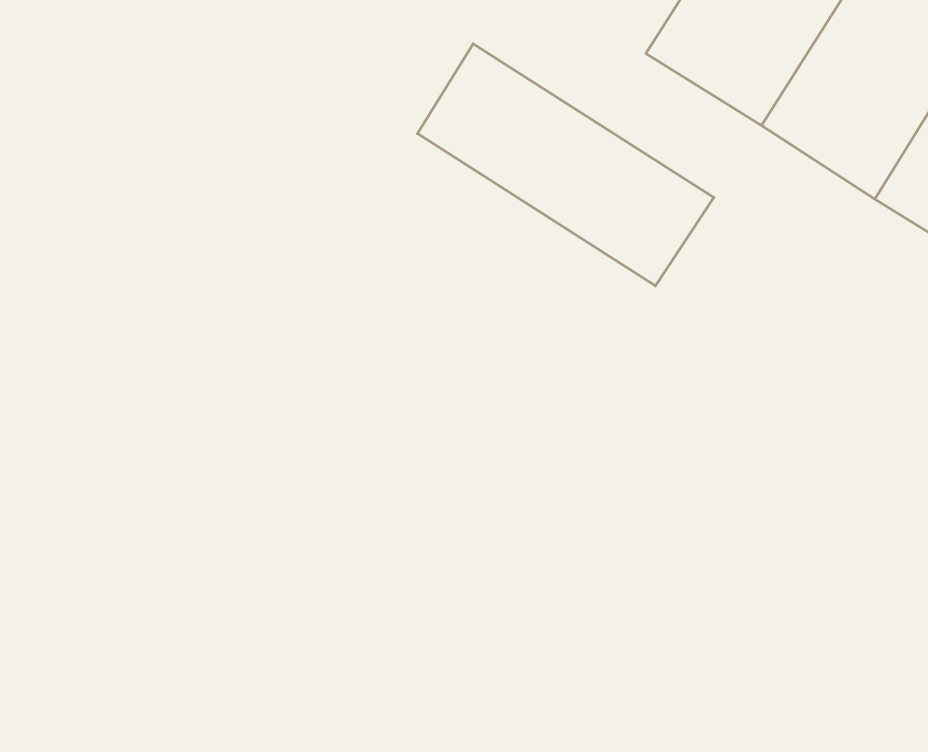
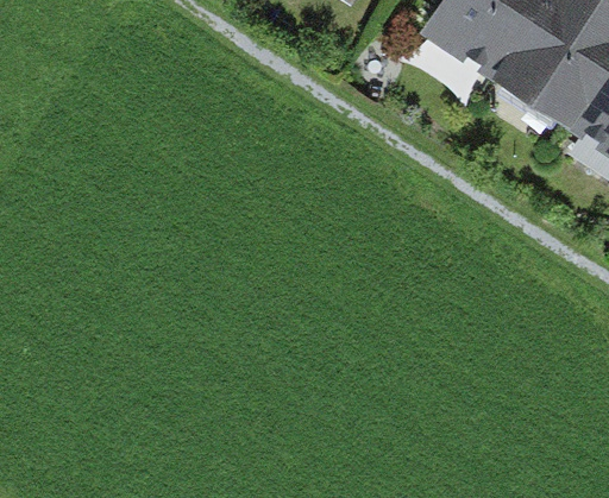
building: [417,44,714,286] -> none

